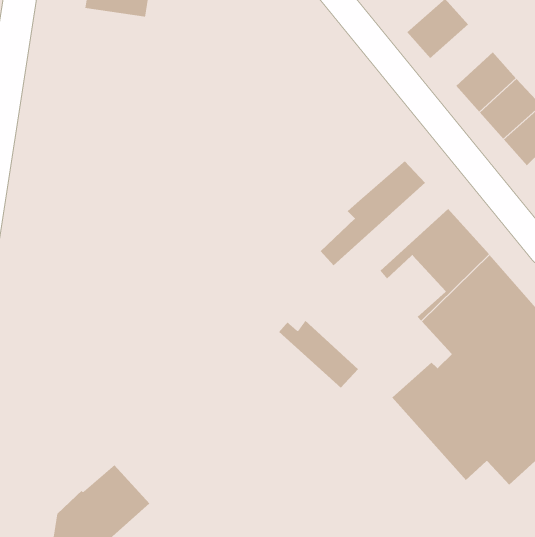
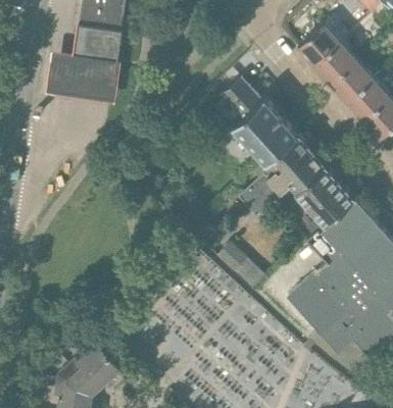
building: none -> [45,31,118,107]
building: none -> [313,42,356,84]
building: none -> [220,78,296,162]
building: none -> [247,150,326,219]

